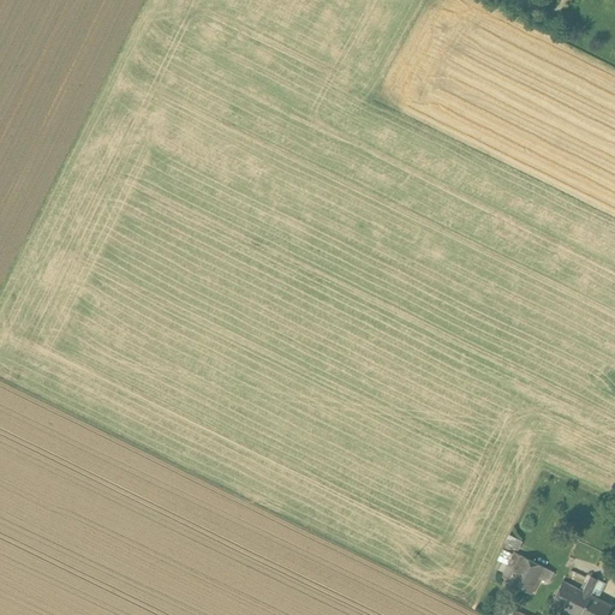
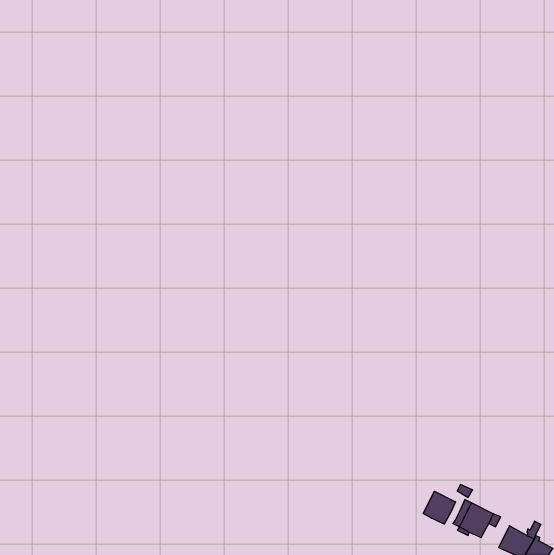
building: none -> [423,491,456,524]

